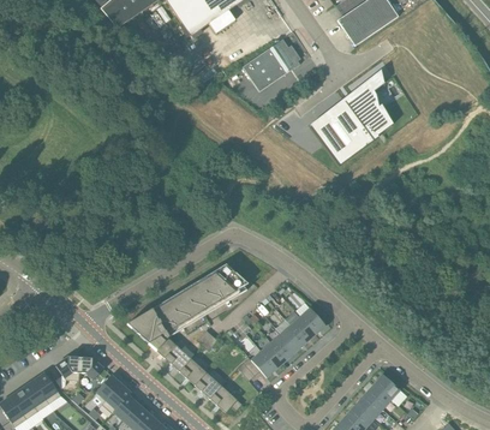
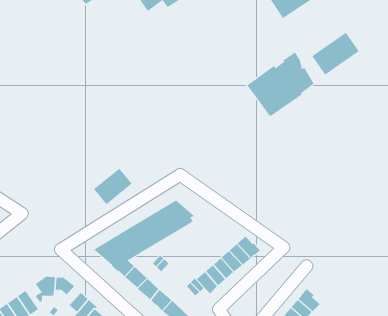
building: [243,41,299,92] -> none
building: none -> [312,32,360,75]
building: none -> [93,168,132,205]

